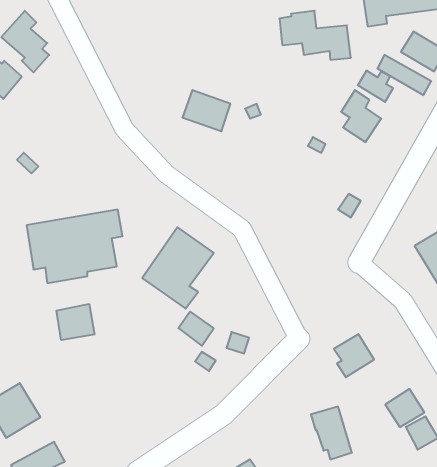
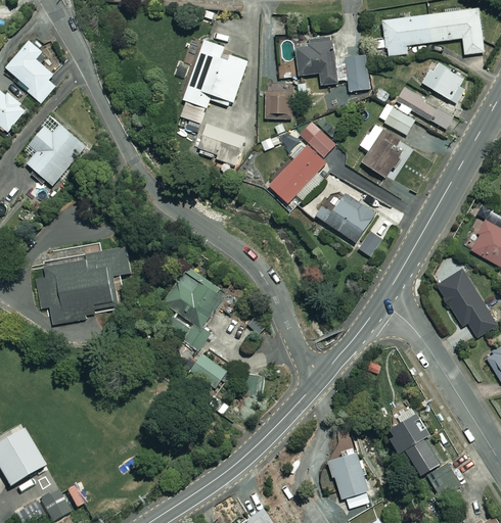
building: none -> [181,40,247,124]
building: none -> [264,91,292,118]
building: none -> [27,116,86,185]
building: none -> [269,122,335,202]
building: none -> [316,193,375,242]
building: [56,304,95,340] -> none
building: [334,334,374,377] -> [386,408,428,453]

